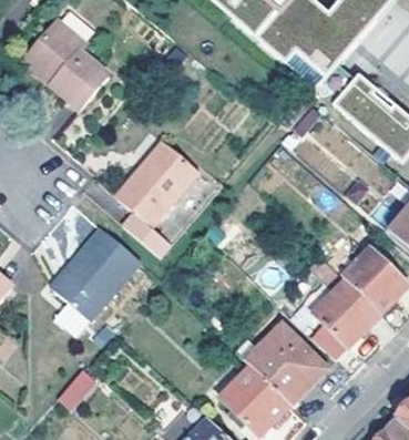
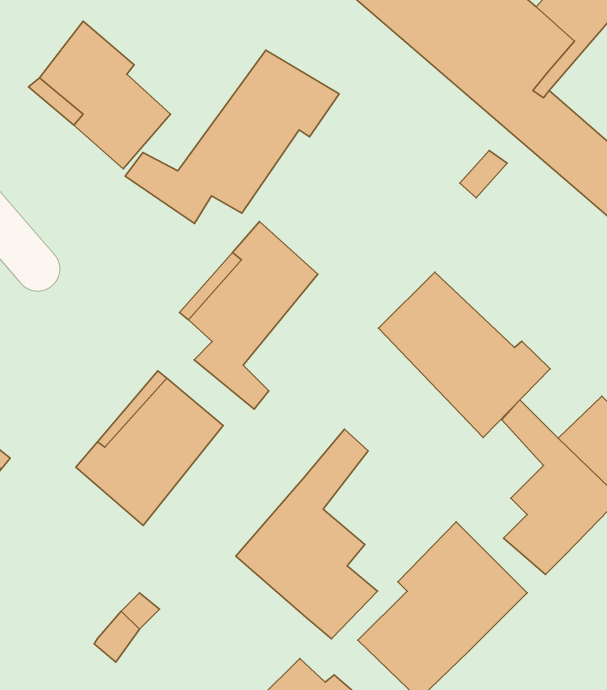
building: none -> [125,50,339,223]
building: none -> [379,272,550,438]
building: none -> [236,429,377,639]

